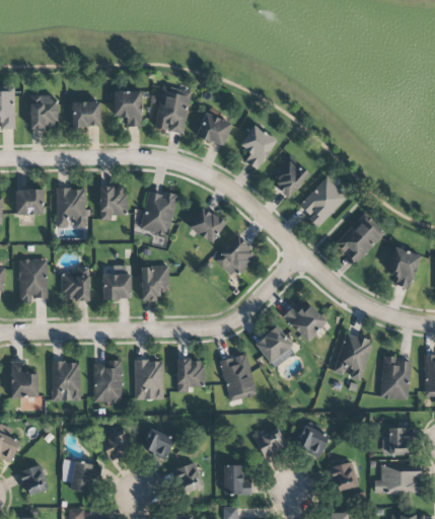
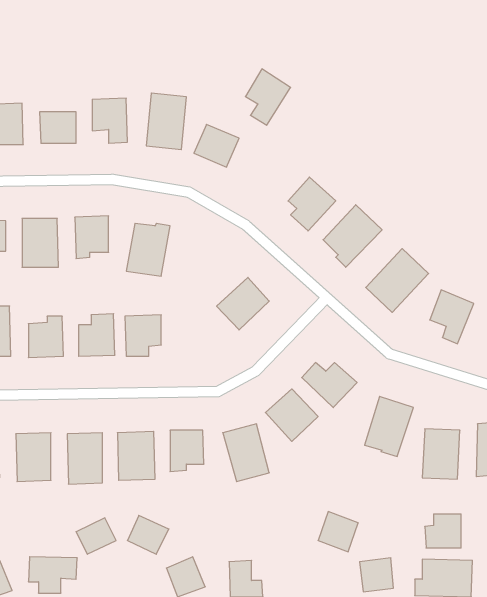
building: [240,124,277,169] -> [245,69,291,125]
building: [189,207,226,242] -> none
building: [256,428,287,456] -> none

